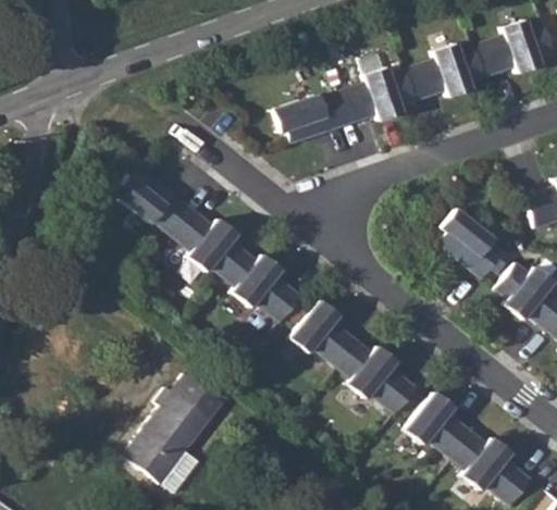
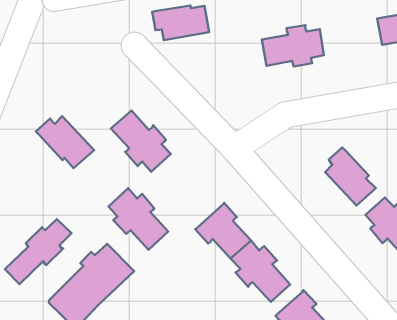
building: [406,43,485,100] -> none
building: [273,92,347,142] -> [152,5,209,40]
building: [114,169,189,231] -> [36,116,94,168]
building: [225,250,304,322] -> [108,188,168,250]
building: none -> [5,219,72,284]

